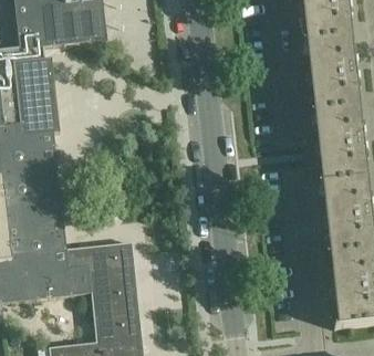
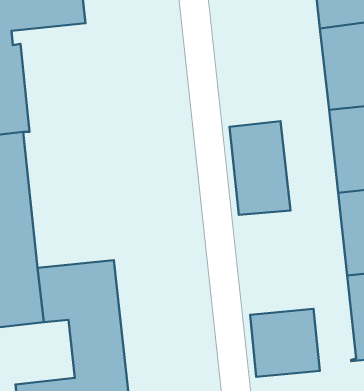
building: none -> [229,121,290,215]
building: none -> [250,309,320,377]

